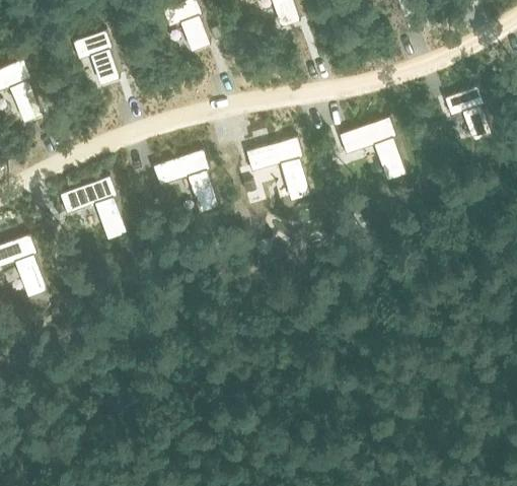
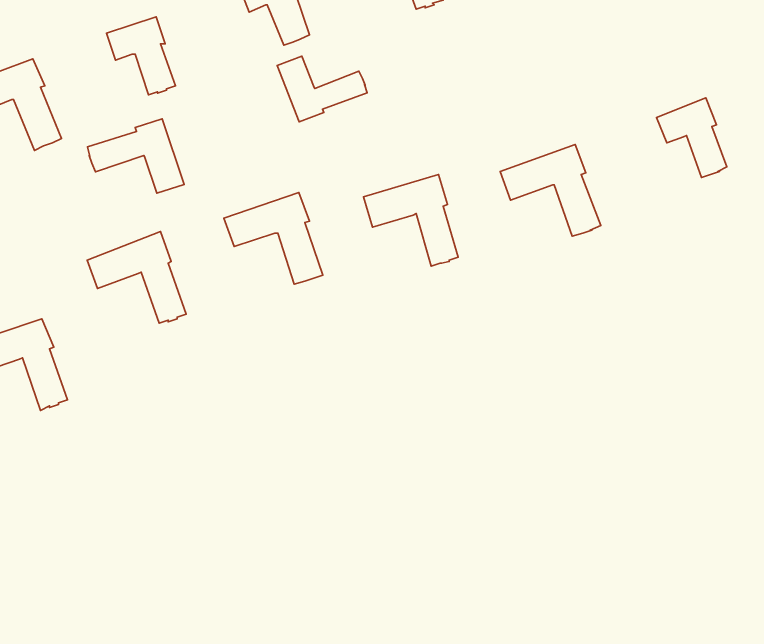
building: none -> [277,56,367,122]
building: none -> [87,119,184,193]

